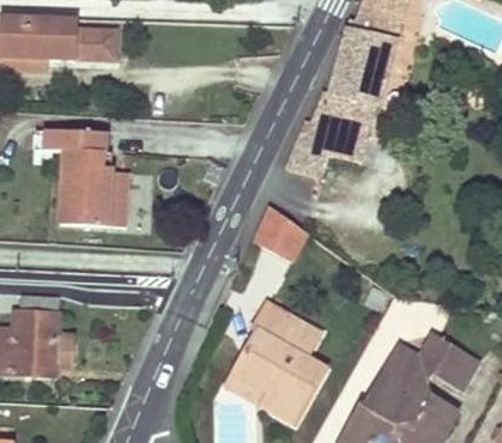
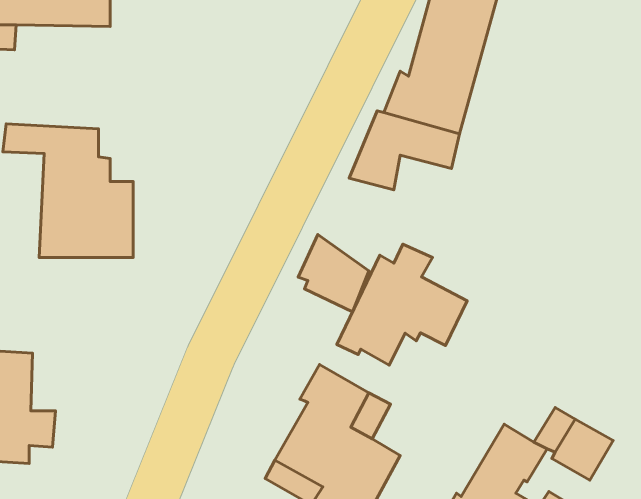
building: none -> [337,244,467,365]

